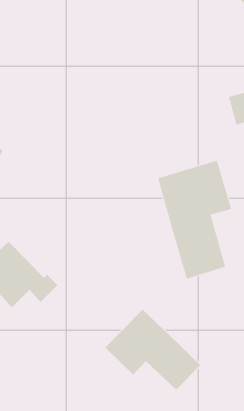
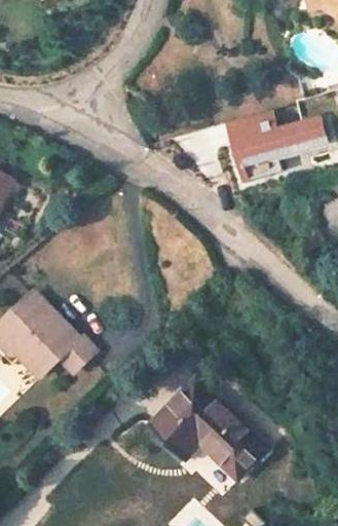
building: none -> [227,113,278,179]
building: [157,160,232,279] -> none

